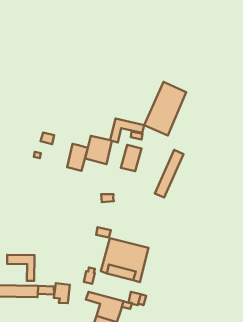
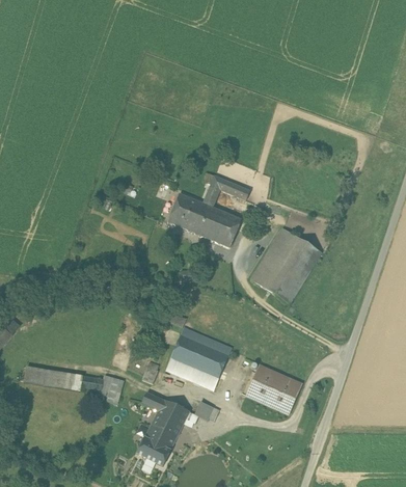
building: [144,82,186,136] -> [262,235,322,304]
building: [67,144,88,171] -> [194,204,224,240]
building: [7,255,34,281] -> none
building: none -> [245,364,302,414]

